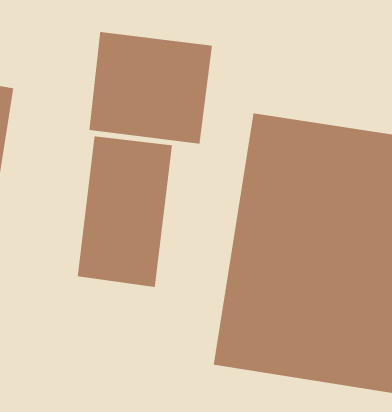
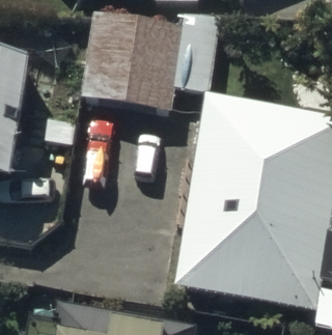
building: [77,135,173,288] -> none

